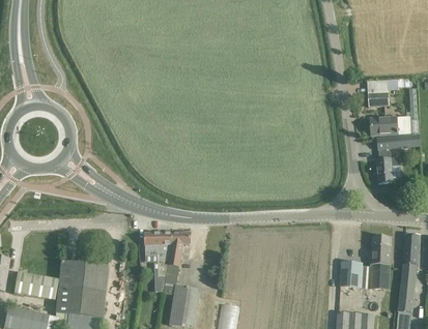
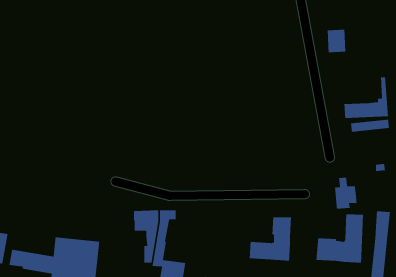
building: [368,80,389,106] -> [327,29,346,53]
building: [376,147,401,182] -> [334,177,357,209]
building: none -> [249,217,292,262]

